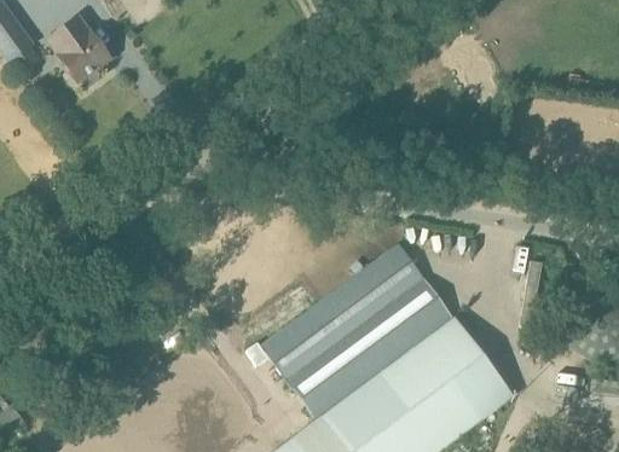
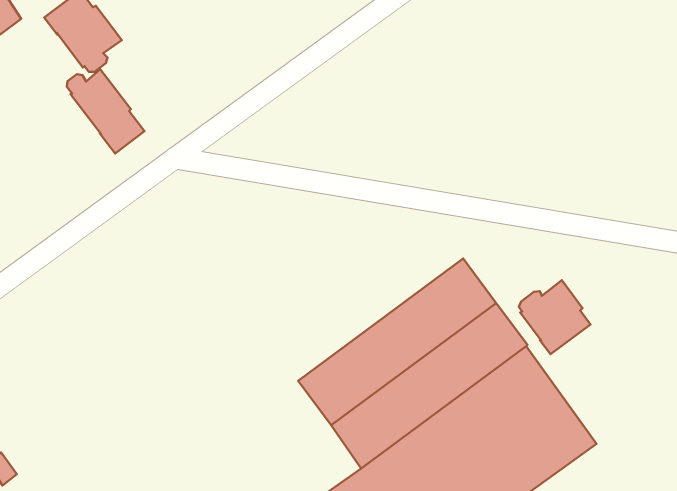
building: none -> [67,69,144,154]
building: none -> [519,280,591,354]

